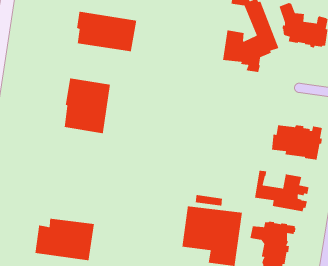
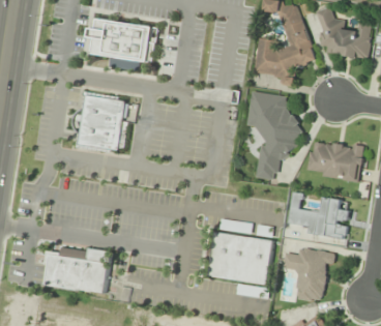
building: none -> [246,92,302,179]

